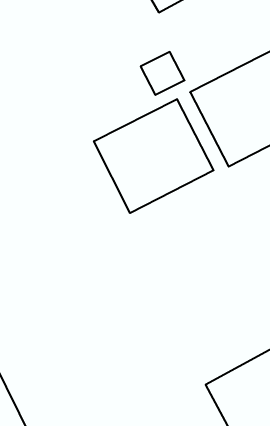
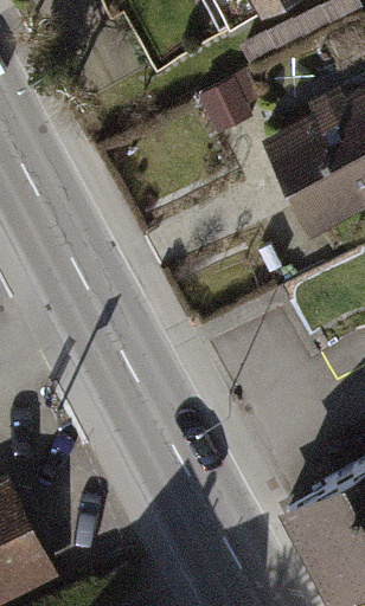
building: [94,99,214,213] -> none

